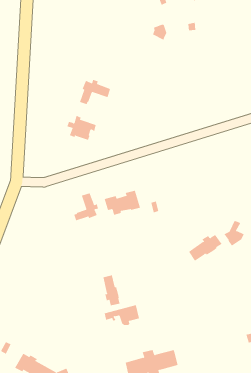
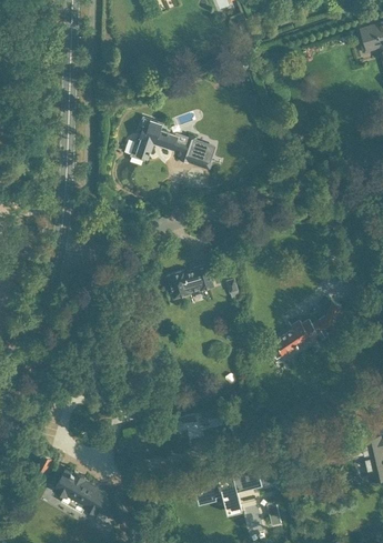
building: [67,115,97,141] -> [178,135,215,168]
building: [74,193,99,221] -> none
building: [103,275,120,306] -> none

